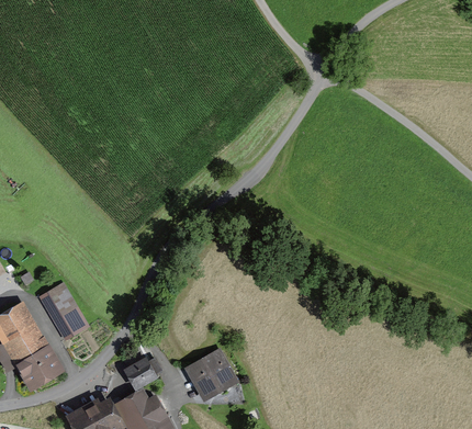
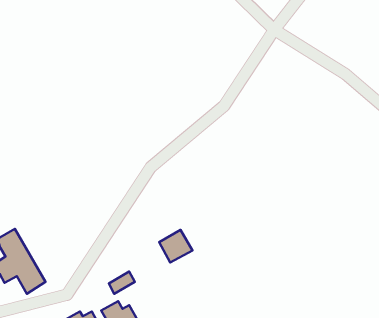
building: [40,283,87,338] -> none
building: [191,353,231,392] -> [159,230,193,262]

